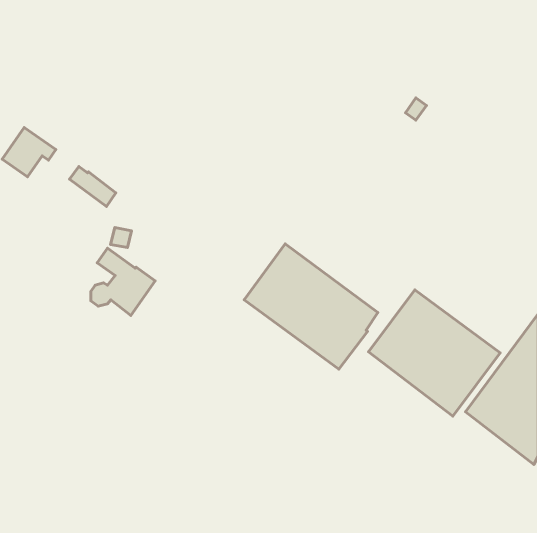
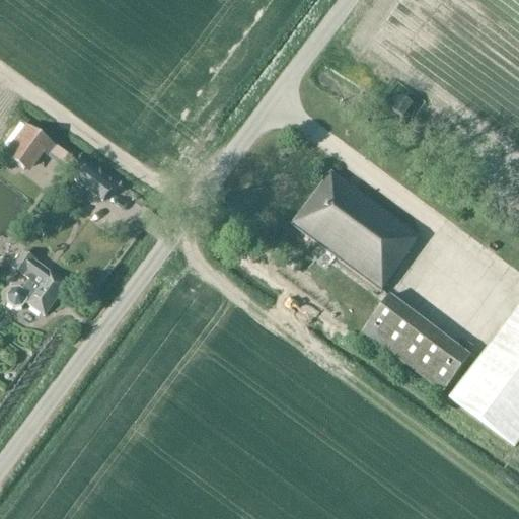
building: [244,244,378,369] -> [291,168,420,289]
building: [91,248,155,316] -> [7,250,69,315]

